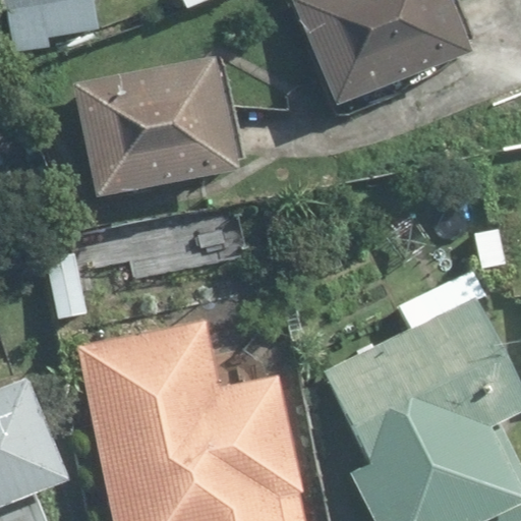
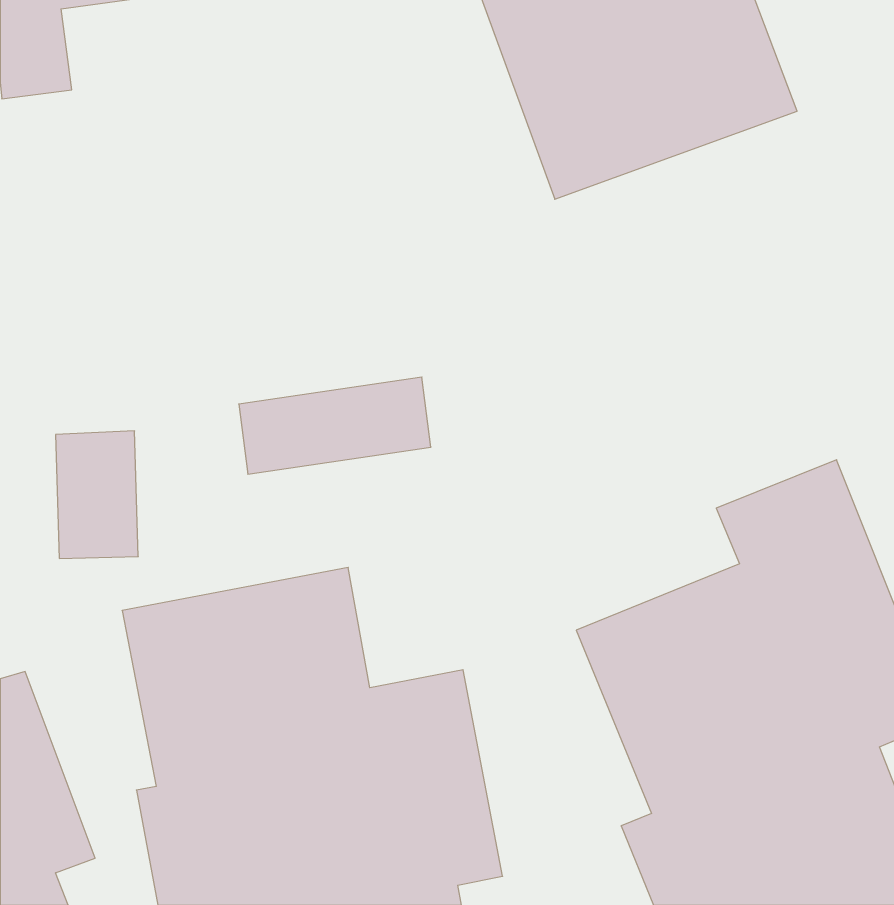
building: [71,58,232,207] -> none

